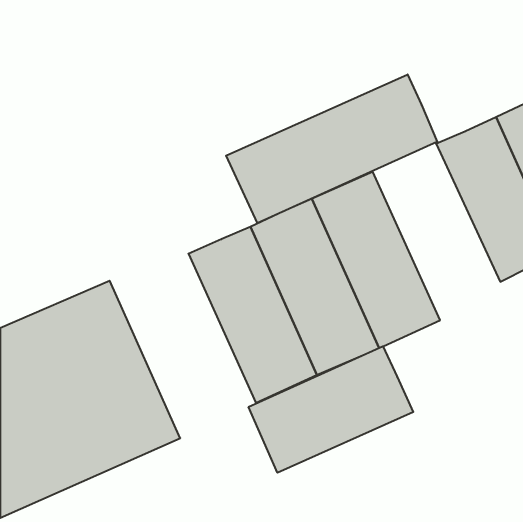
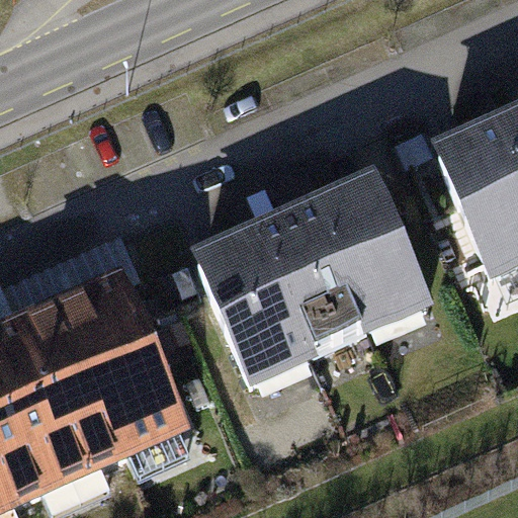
building: [226,74,437,223] -> none
building: [249,346,413,473] -> none

